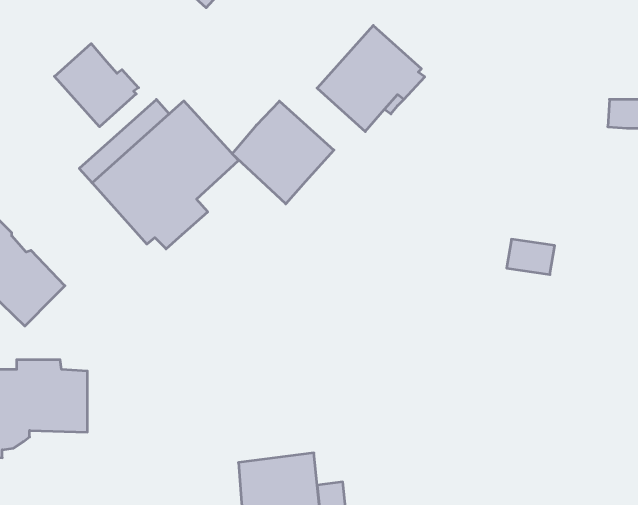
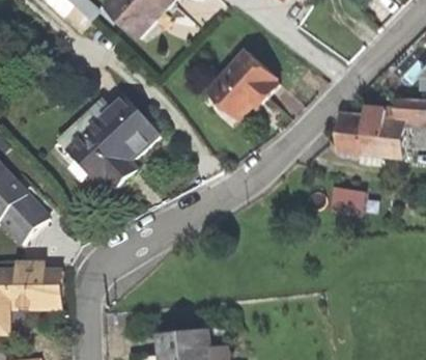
building: [54,44,139,127] -> none
building: [232,101,334,204] -> none
building: none -> [336,106,405,155]

